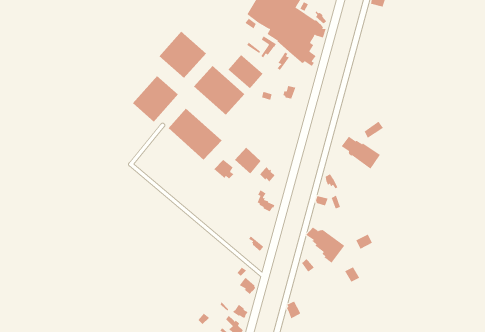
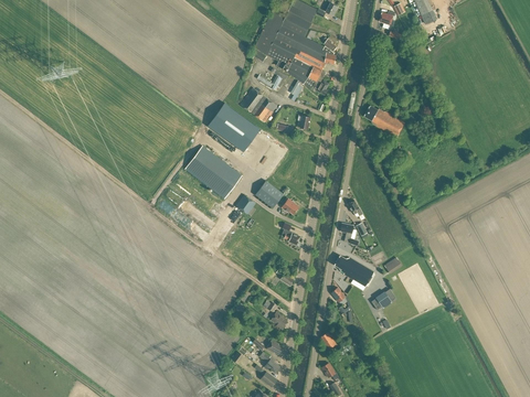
building: [158,31,207,79] -> none
building: [132,75,179,122] -> none
building: [341,136,381,169] -> [364,106,405,138]

